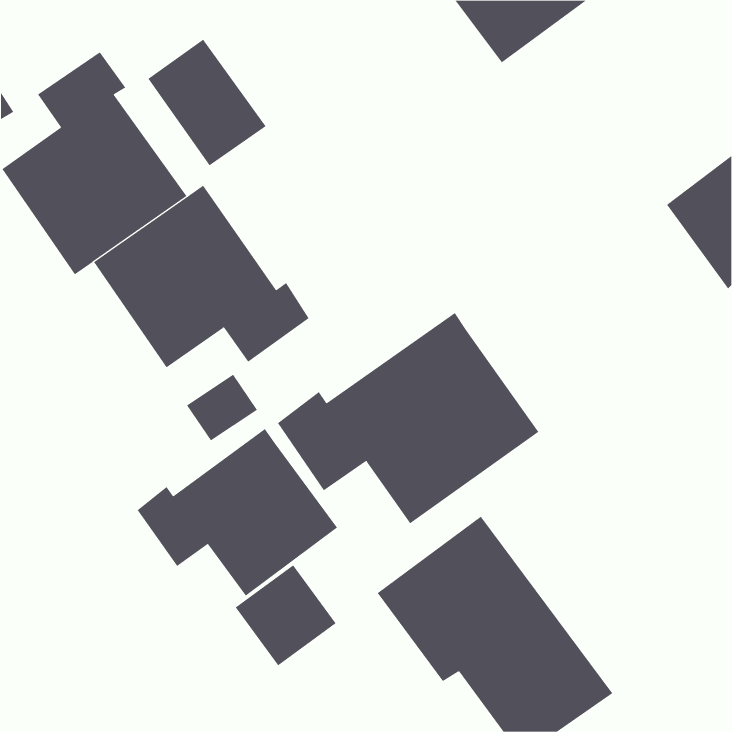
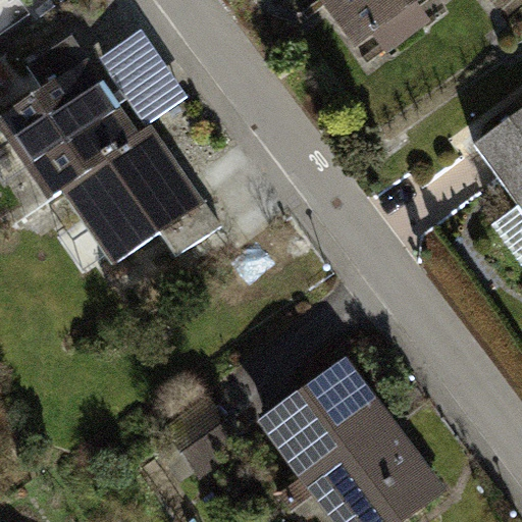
building: [277,312,539,524] -> none
building: [137,428,338,597] -> none

